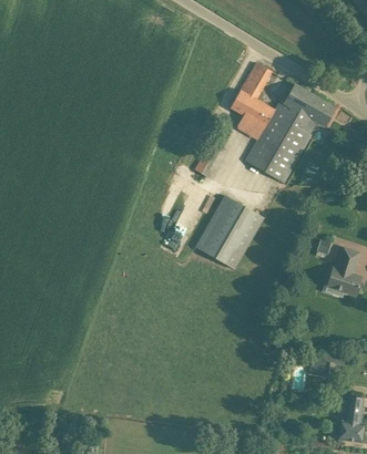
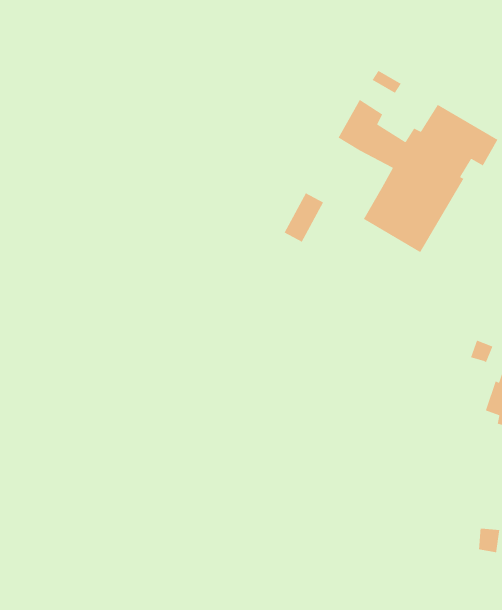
building: [195,195,264,269] -> none

